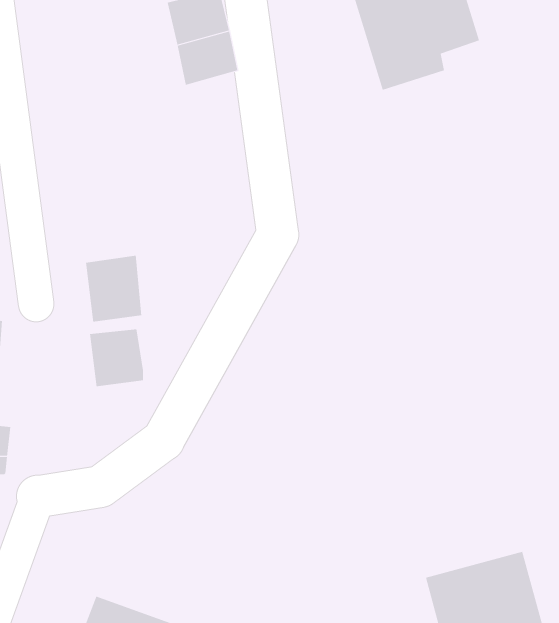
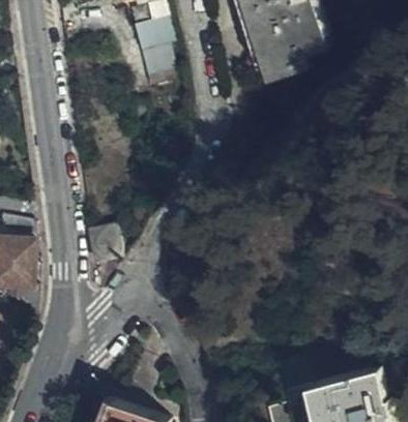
building: [85,255,142,323] -> none

